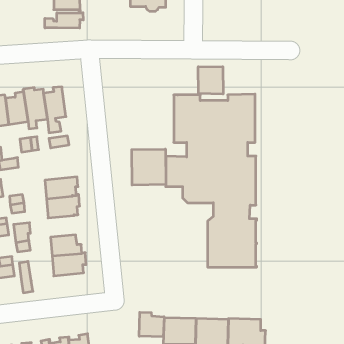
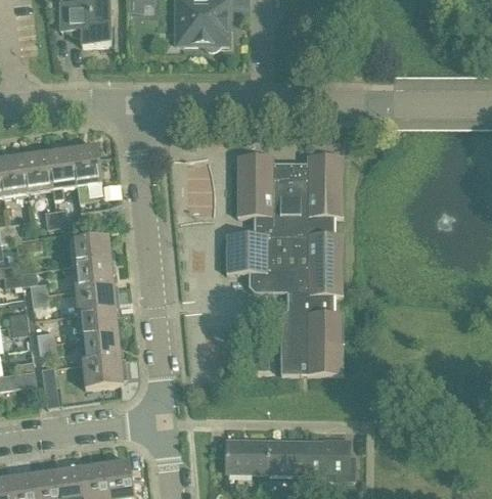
building: [45,13,83,28] -> none
building: [198,67,223,94] -> none
building: [132,149,166,185] -> none
building: none -> [71,232,115,264]
building: none -> [78,309,118,336]
building: [139,312,164,337] -> none

